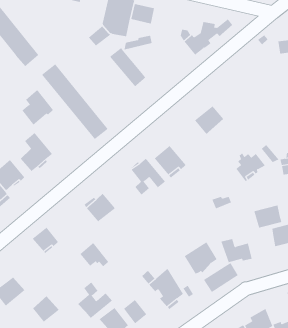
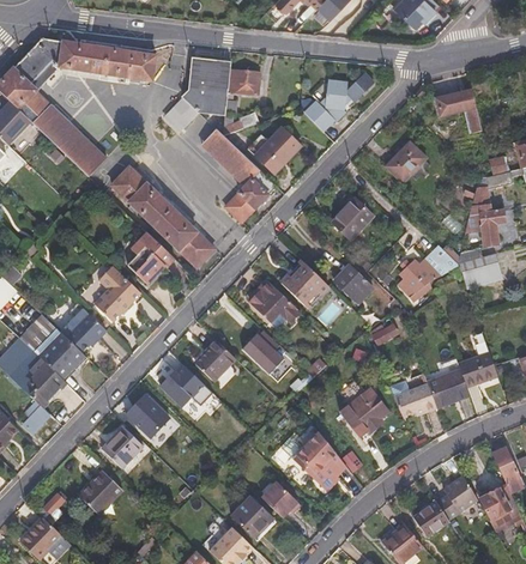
building: none -> [253,128,298,171]
building: none -> [386,141,425,181]
building: none -> [229,170,274,216]
building: [21,89,54,126] -> [126,231,171,283]
building: none -> [334,266,373,303]
building: none -> [246,333,283,374]
building: [254,205,282,228] -> [427,371,468,407]
building: [79,242,109,267] -> [157,366,200,401]
building: [203,262,239,293] -> none
building: [77,282,113,319] -> none
building: [32,295,59,322] -> [103,427,141,466]

